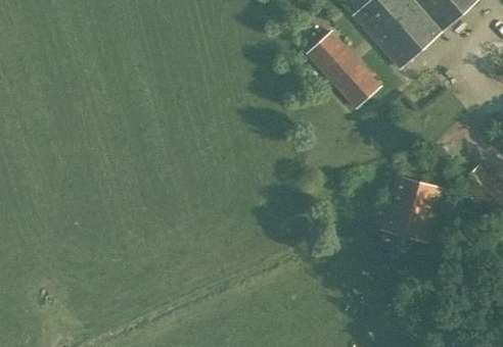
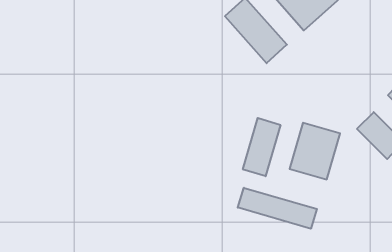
building: none -> [243,118,280,176]
building: none -> [238,188,317,229]

